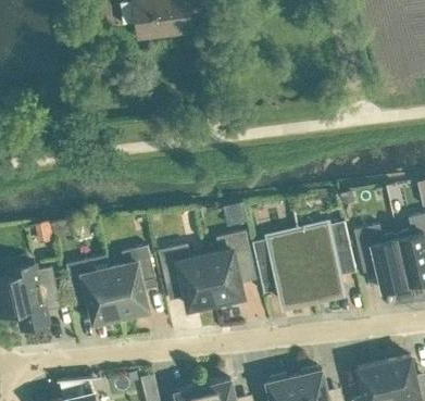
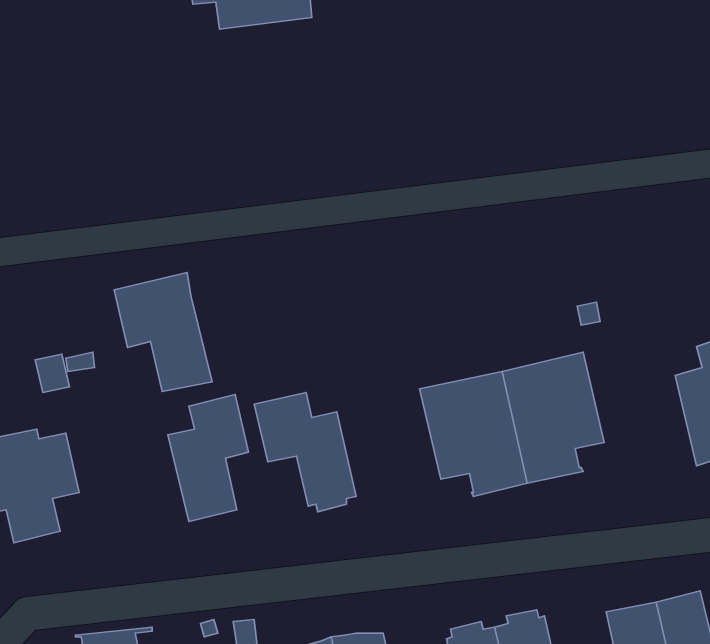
building: [353,225,408,291] -> none
building: [204,231,252,305] -> none
building: [65,255,121,323] -> [114,272,212,392]

